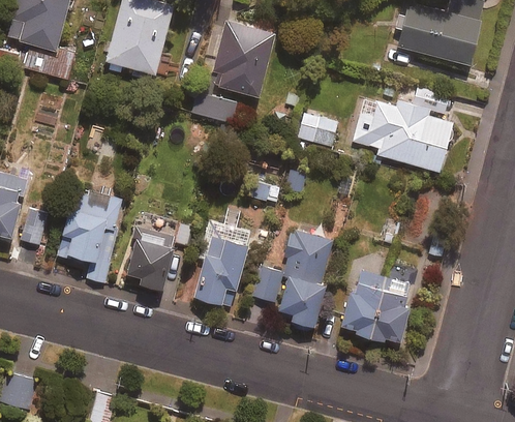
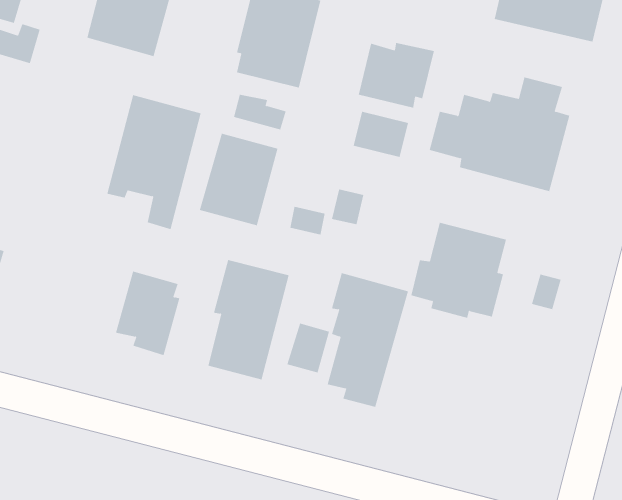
building: none -> [358,42,434,109]
building: none -> [199,133,278,226]
building: [57,186,125,283] -> [106,95,201,230]
building: [341,273,411,342] -> [410,222,507,319]

